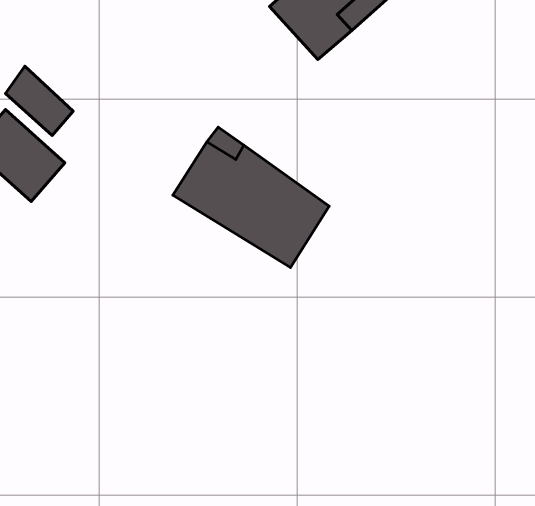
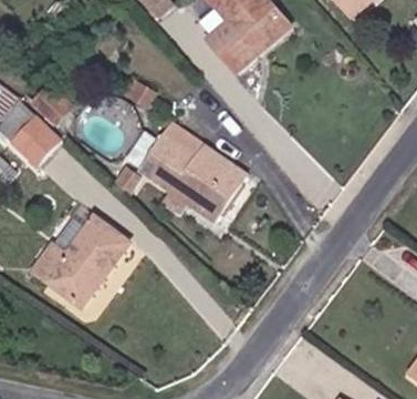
building: none -> [31,216,124,305]

